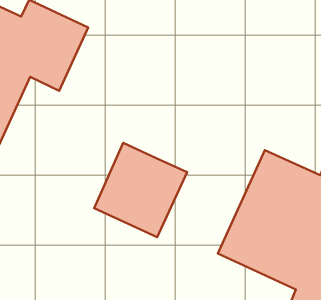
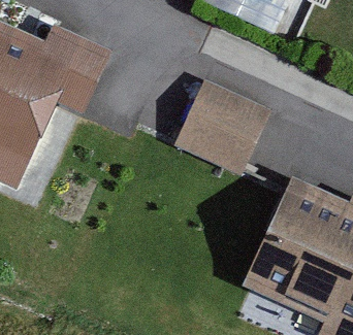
building: [94,143,187,237] -> [174,79,270,176]

